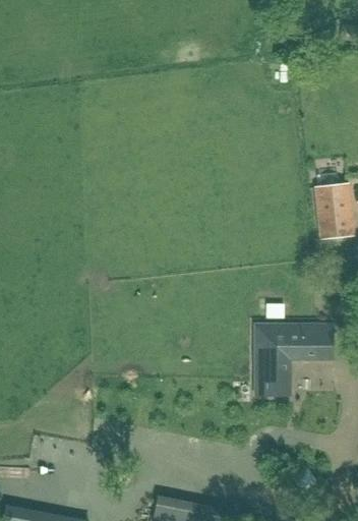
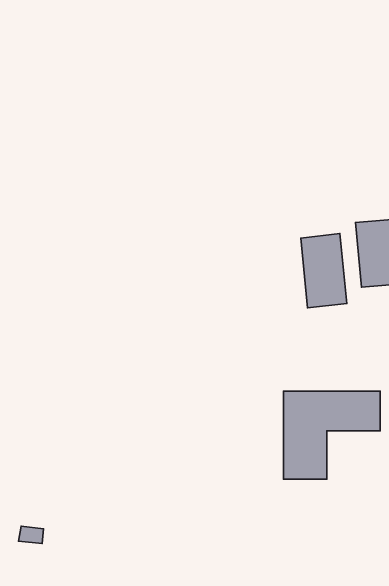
building: none -> [301,234,347,308]

